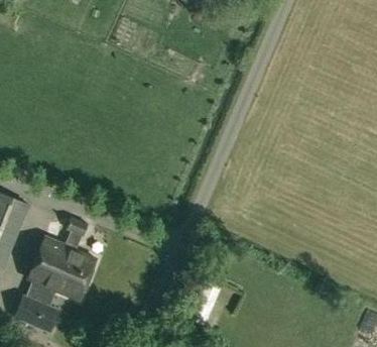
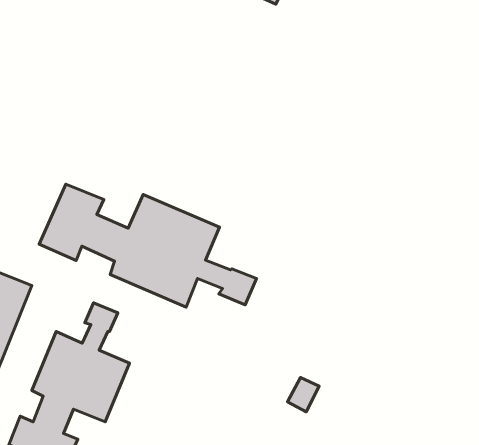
building: none -> [39,184,257,307]

